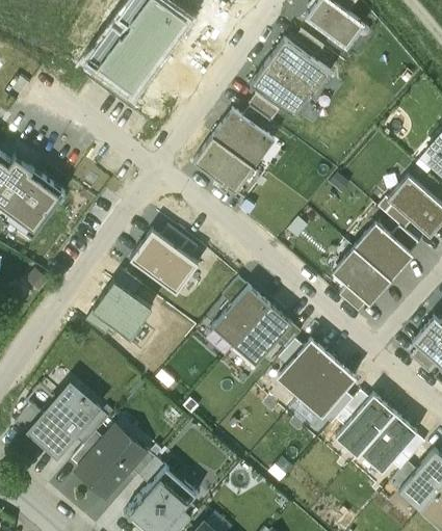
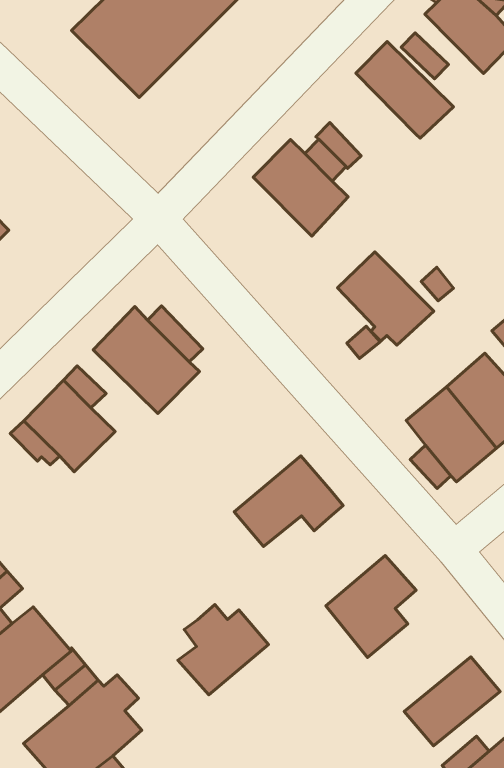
building: [250,61,310,116] -> none
building: [192,136,255,192] -> [338,252,434,345]
building: [211,277,269,347] -> none
building: [277,340,332,397] -> [178,604,268,695]
building: [335,395,395,458] -> none

